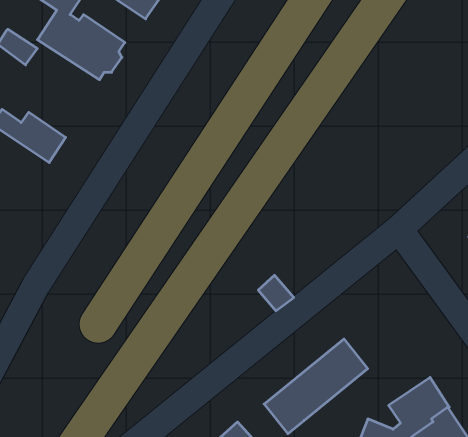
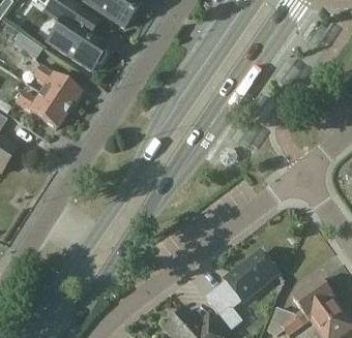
building: none -> [33,64,80,110]

